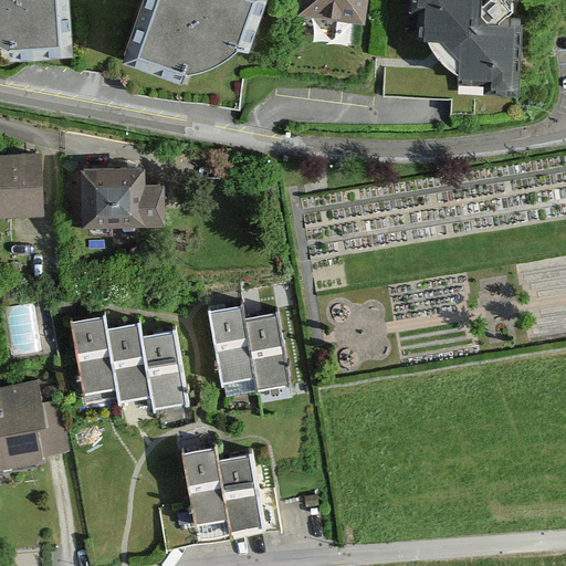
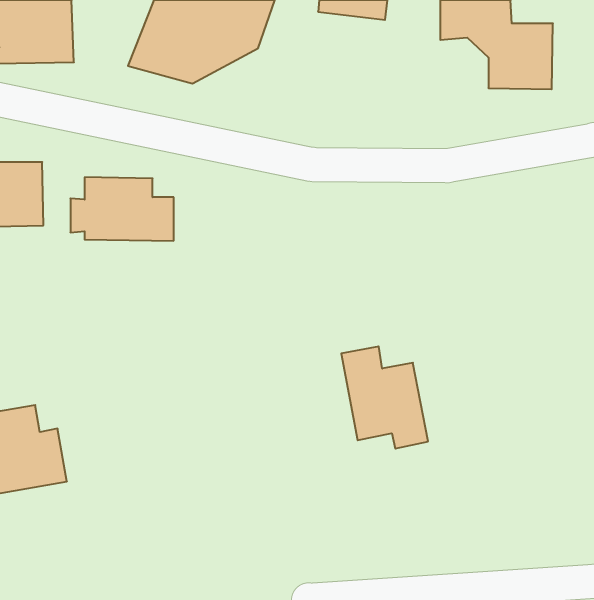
building: [209,304,291,400] -> [341,346,428,449]
building: [72,314,184,410] -> none
building: [179,444,261,535] -> none

